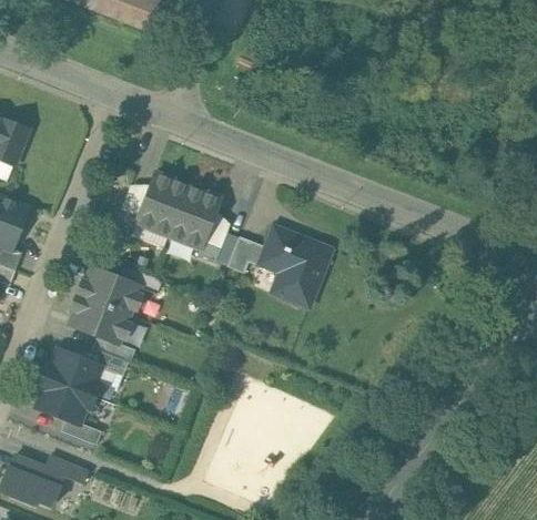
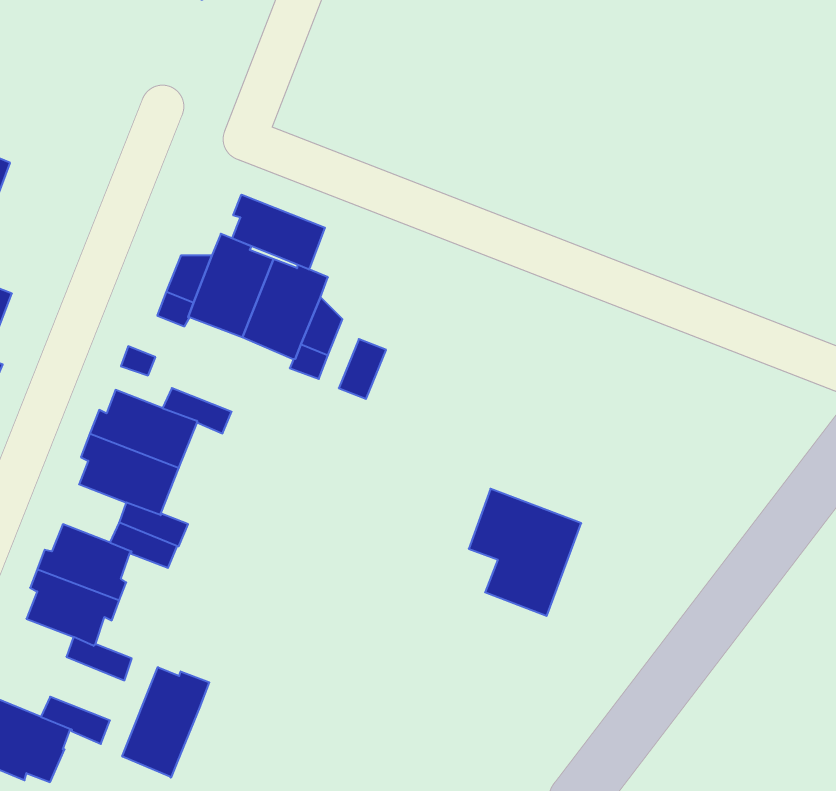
building: none -> [232,195,325,269]
building: [260,227,328,305] -> [469,489,581,616]
building: none -> [122,667,209,778]

